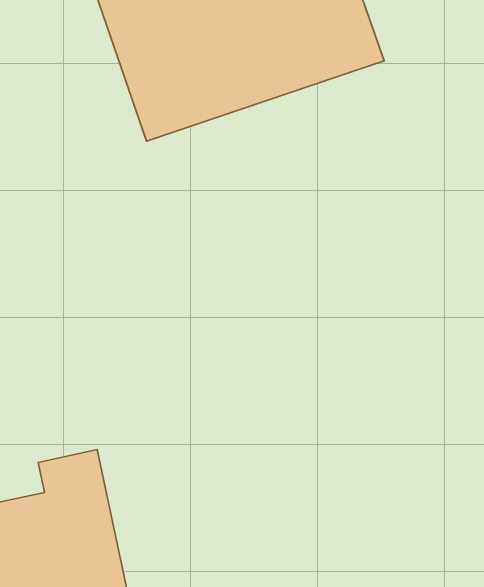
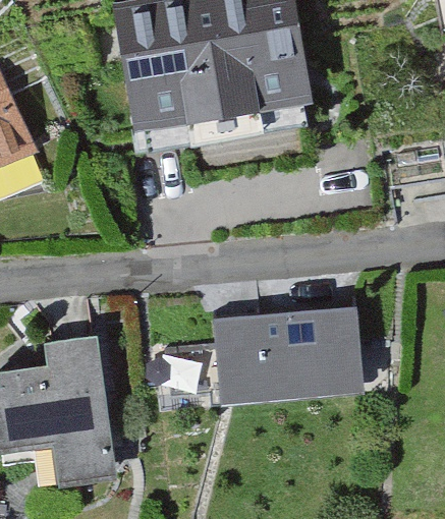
building: none -> [216,312,356,396]

